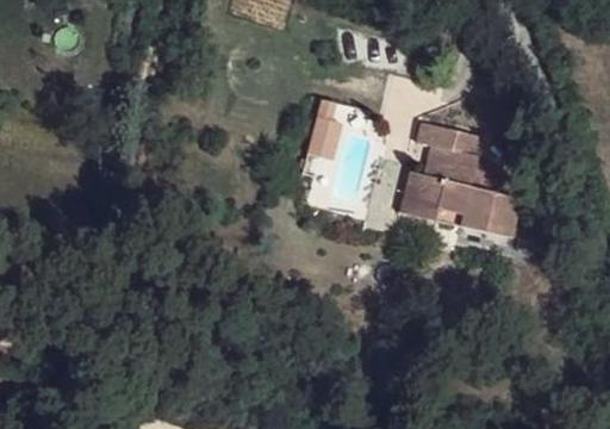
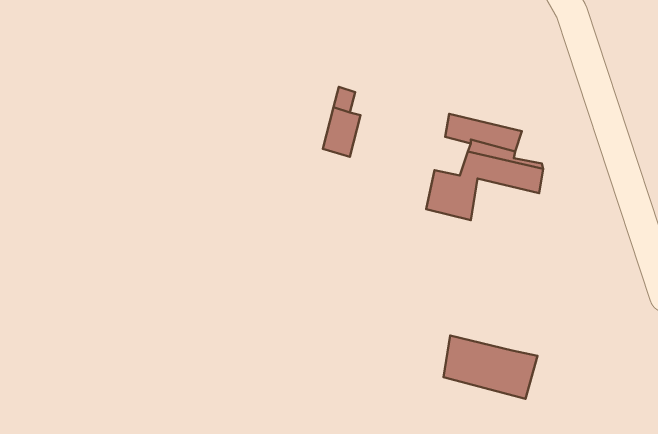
building: [438,180,522,236] -> [444,336,538,399]

